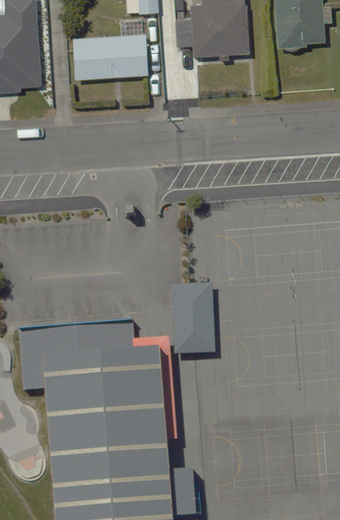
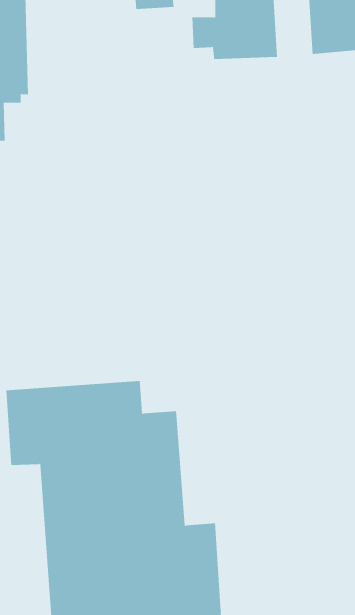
building: [72,31,147,78] -> none
building: [173,282,217,356] -> none

